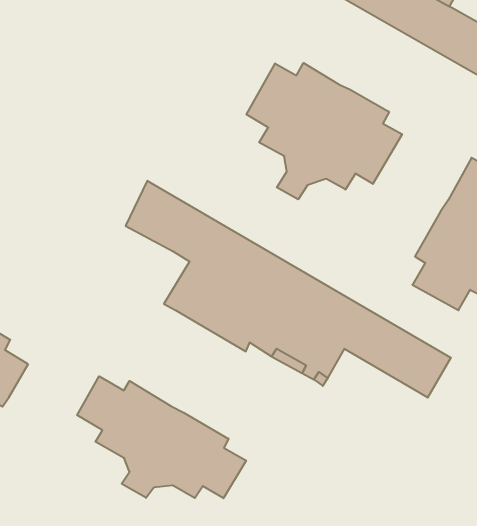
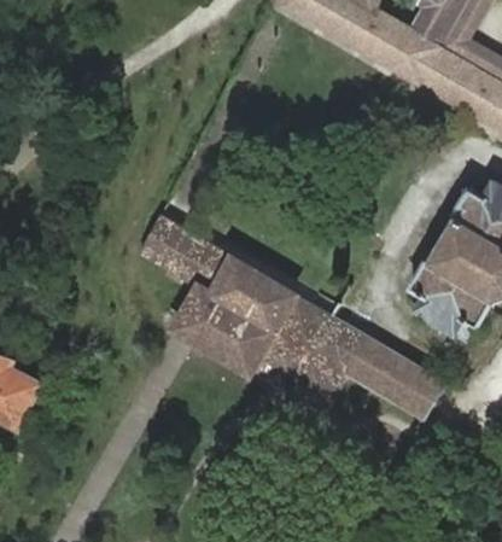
building: [246,63,402,199] -> none
building: [77,376,246,498] -> none

